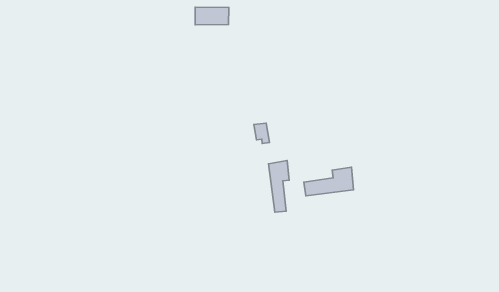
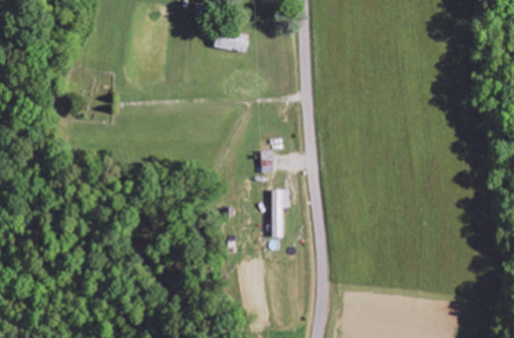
building: [304,167,354,196] -> none

